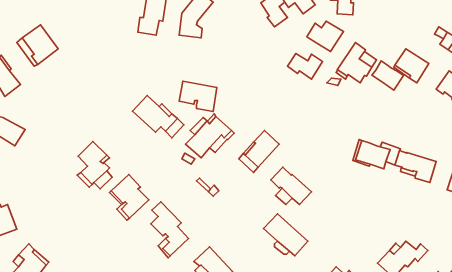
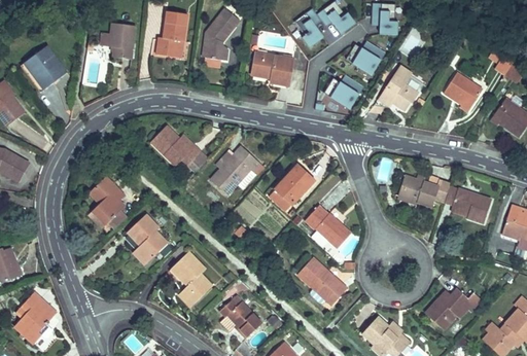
building: none -> [100,23,136,59]
building: [372,61,404,90] -> none
building: [179,81,217,111] -> [251,51,293,85]

